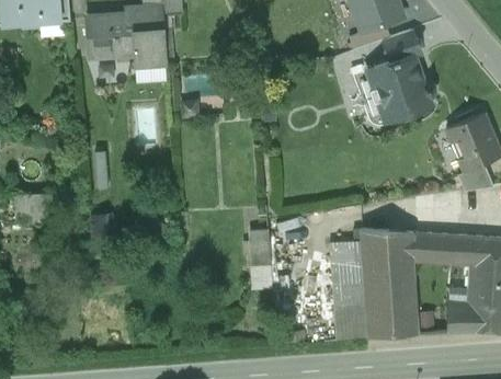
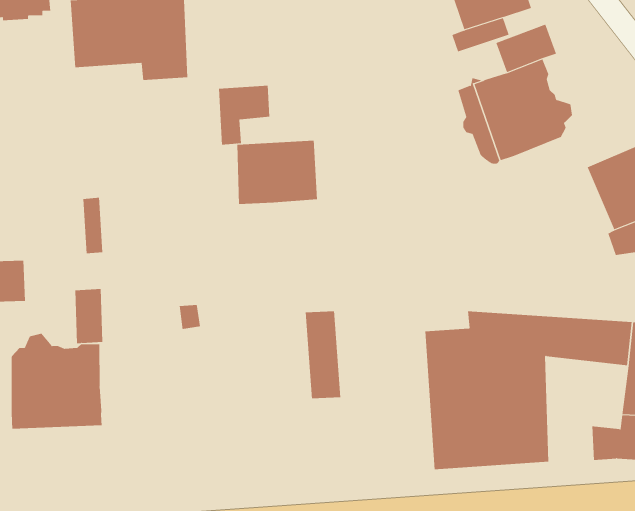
building: none -> [237,140,318,205]
building: none -> [11,333,102,430]

